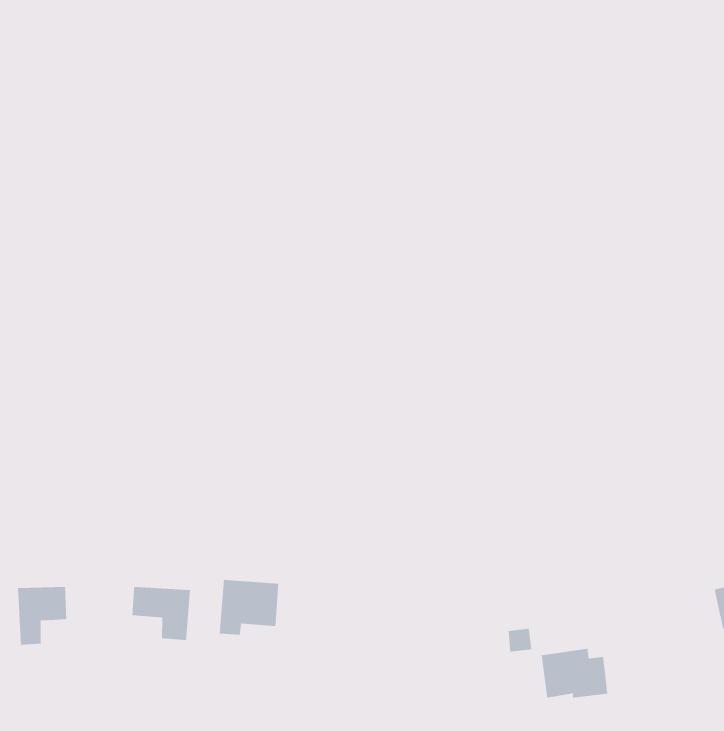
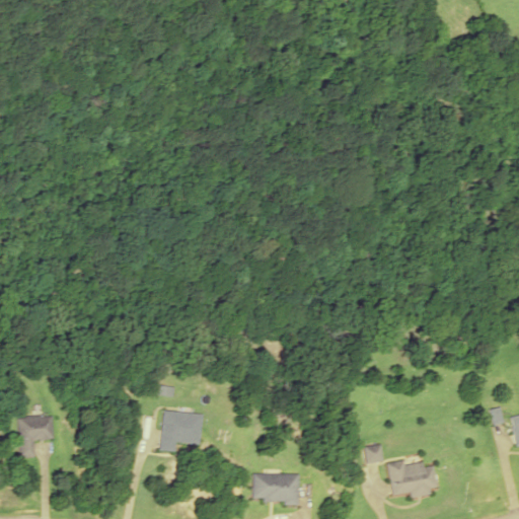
building: [132,586,190,641] -> none
building: none -> [253,474,298,503]

